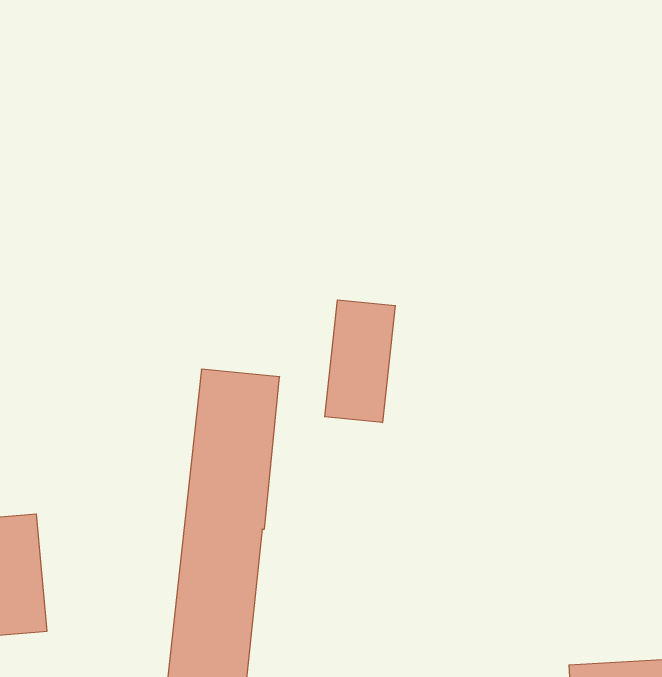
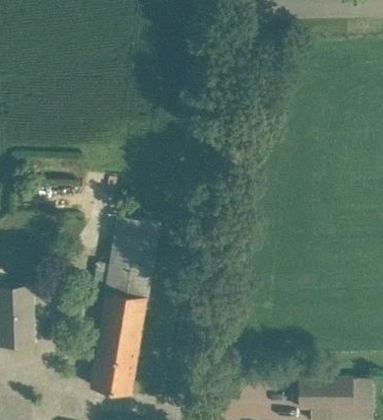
building: [325,300,395,423] -> none

